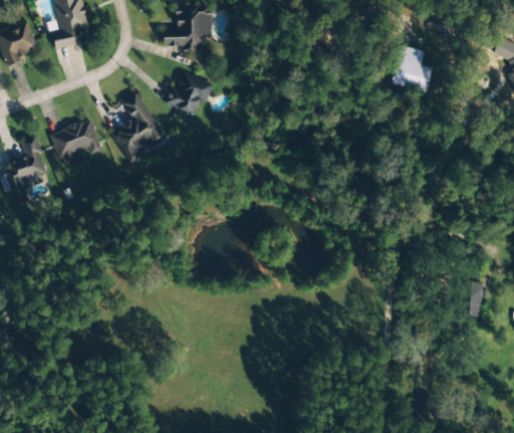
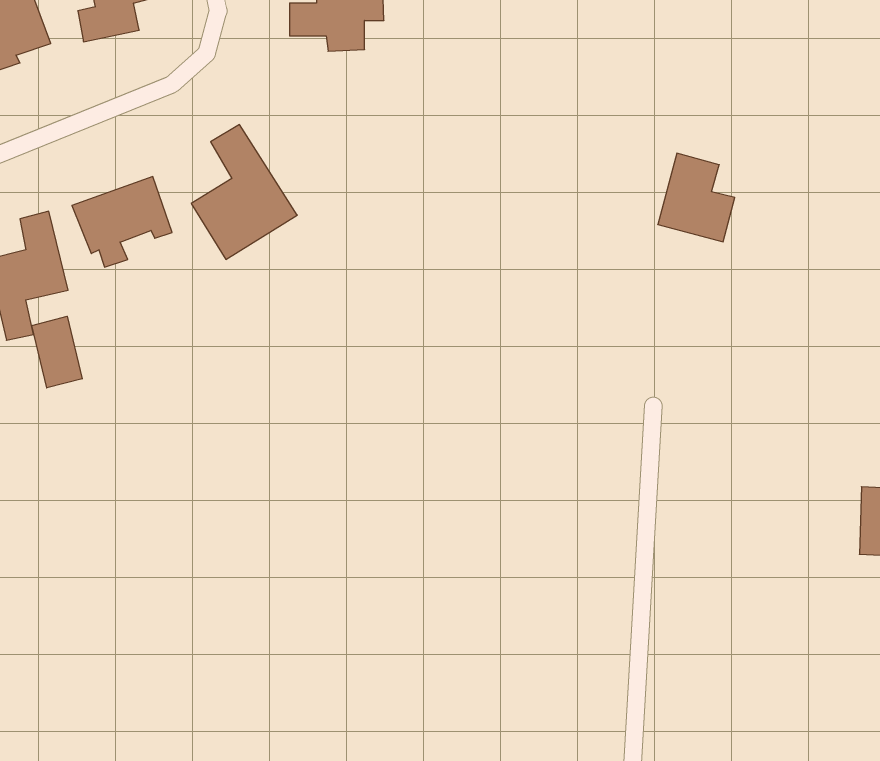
building: [393,45,433,91] -> [658,153,735,242]
building: [167,70,214,115] -> none
building: none -> [32,316,82,388]

